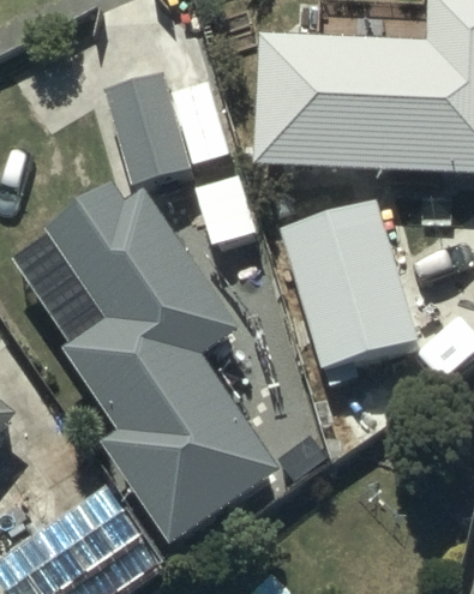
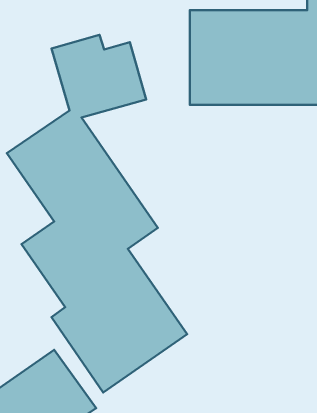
building: [275,188,413,358] -> none

